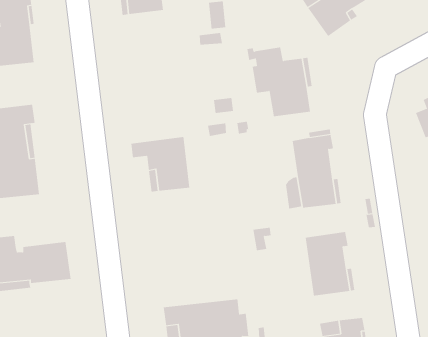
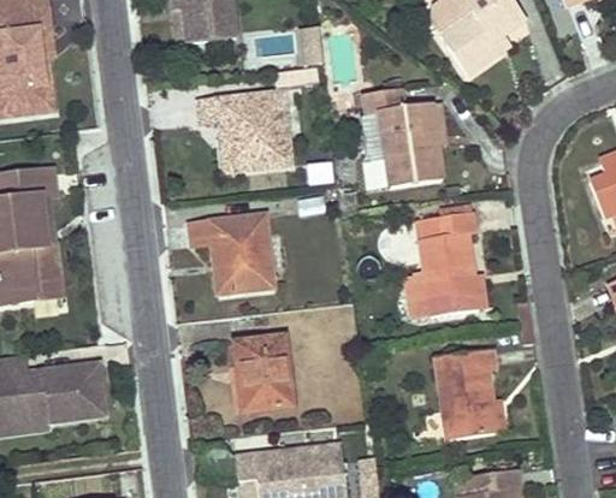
building: none -> [197,91,291,171]
building: none -> [235,336,292,410]

